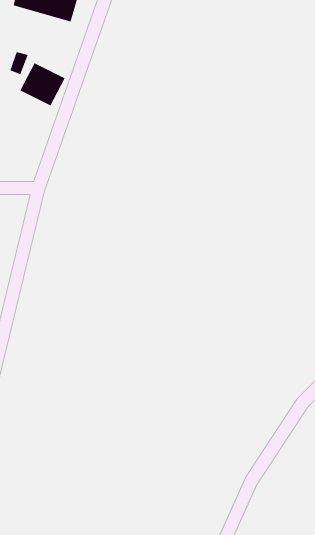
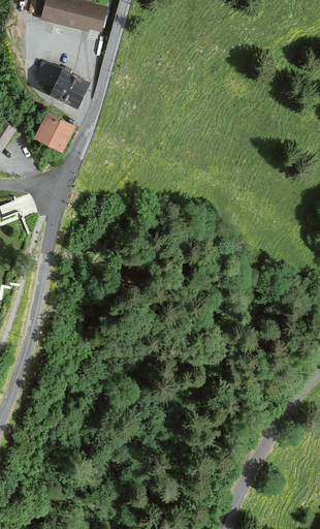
building: none -> [33,116,68,152]

